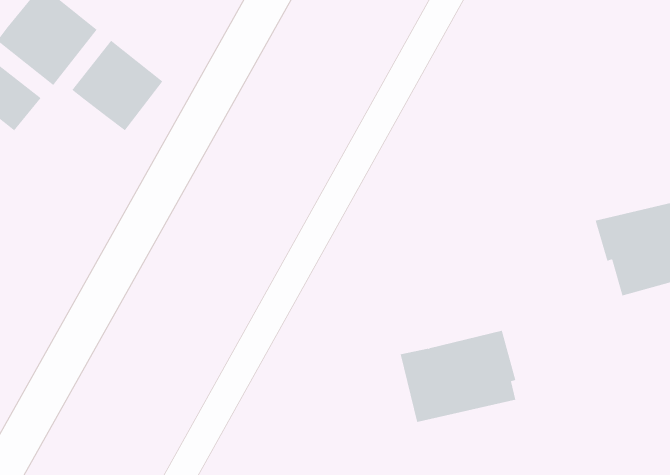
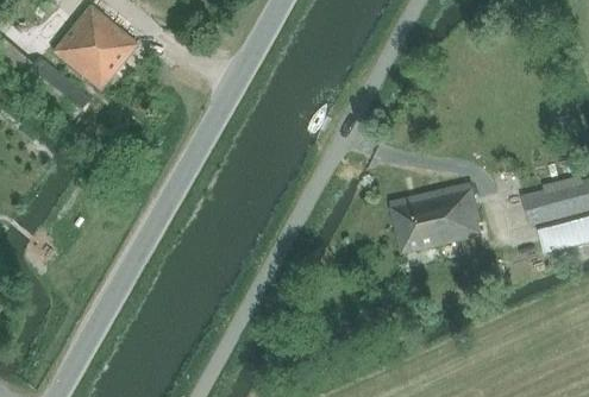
building: [72,40,163,131] -> none
building: [400,330,516,422] -> [389,182,481,254]

